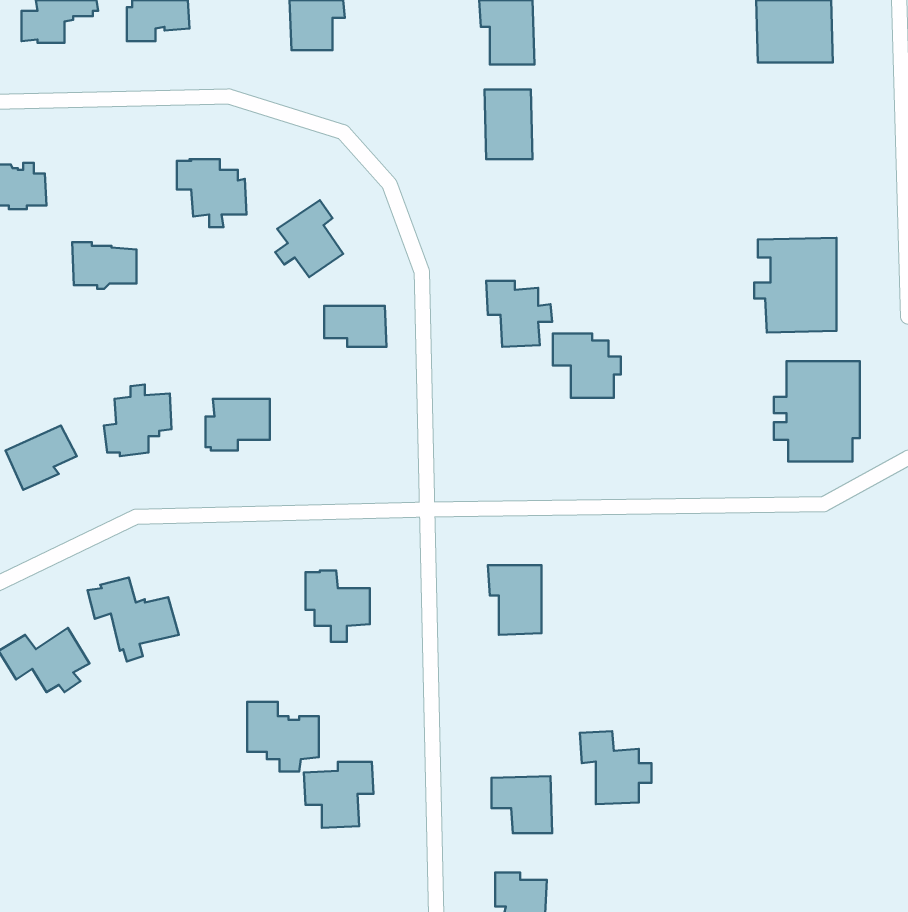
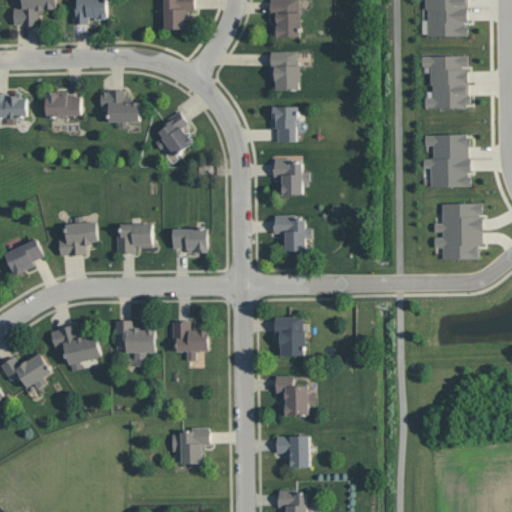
building: none -> [420,56,467,108]
building: none -> [271,106,295,141]
building: [72,242,136,289] -> [44,92,80,118]
building: [324,306,387,347] -> [172,229,207,252]
building: [553,333,621,398] -> [273,215,311,251]
building: [247,702,319,772] -> [114,320,154,359]
building: [580,731,651,804] -> [274,375,314,416]

